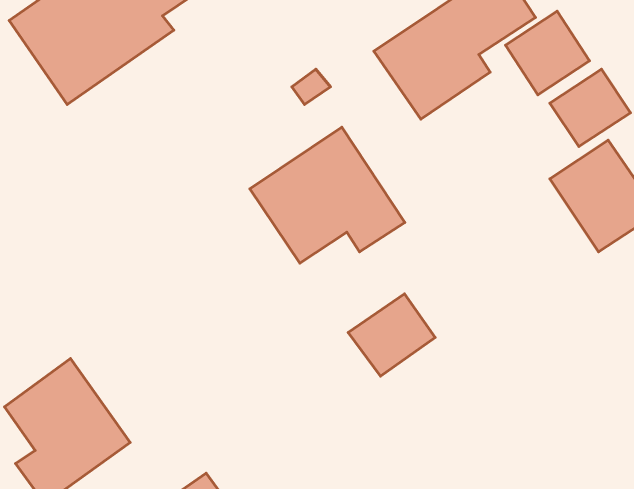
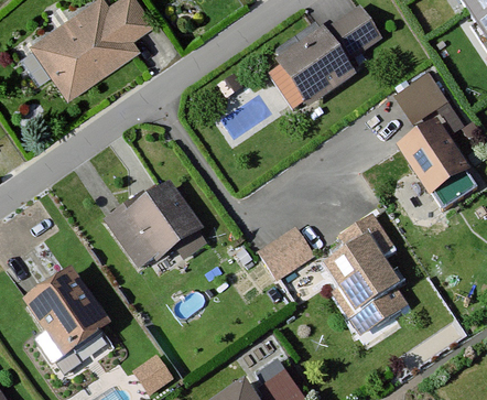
building: [506,11,589,95] -> none
building: [250,127,405,263] -> [107,179,213,271]
building: none -> [322,215,411,340]

